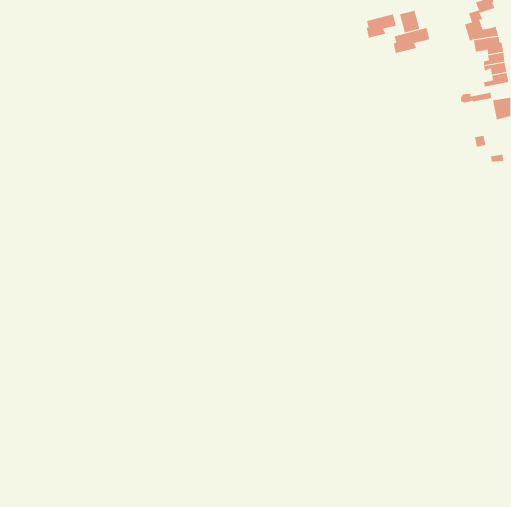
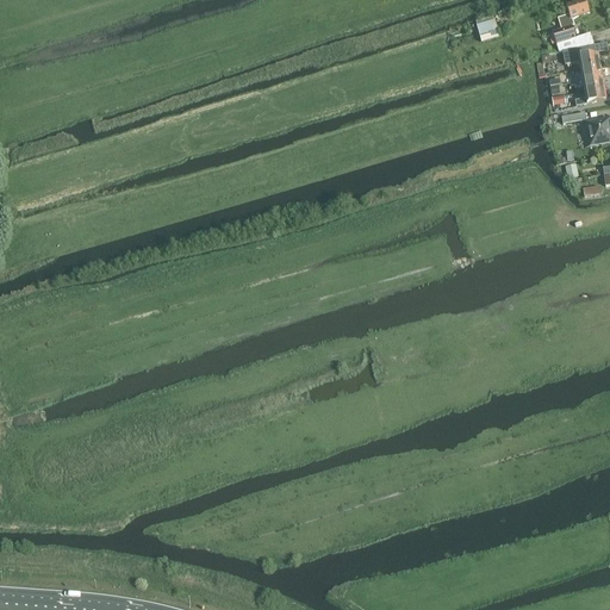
building: [366,13,396,38] -> none
building: [393,27,430,54] -> none

